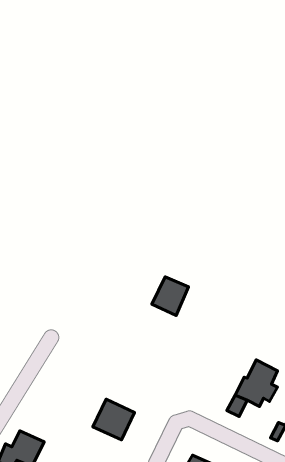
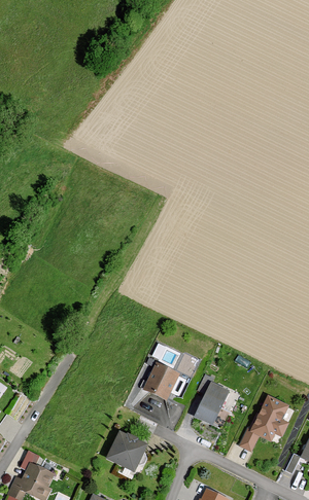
building: [152,277,188,315] -> [142,362,179,401]
building: none -> [195,381,229,425]

